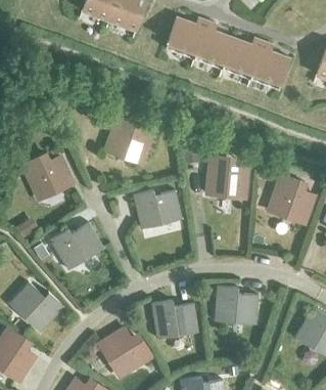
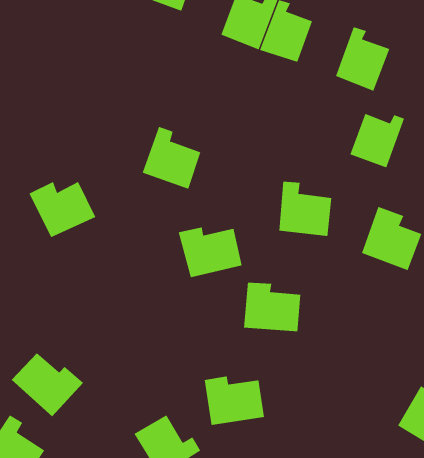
building: [222,37,263,78] -> [350,113,405,168]
building: [50,222,103,268] -> none
building: [215,286,258,322] -> [243,282,301,332]

